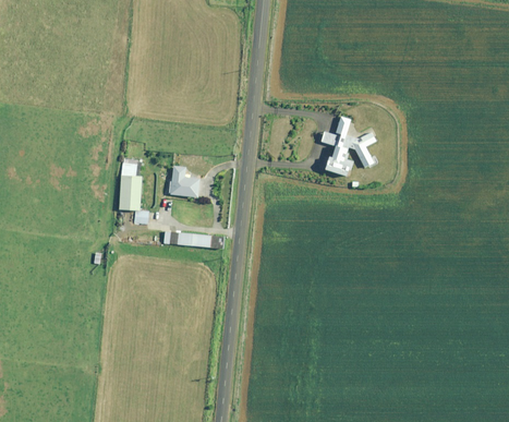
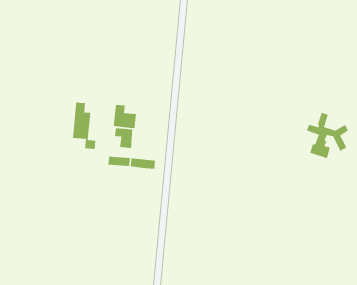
building: [320,116,375,176] -> [306,112,349,159]
building: none -> [114,127,133,149]

